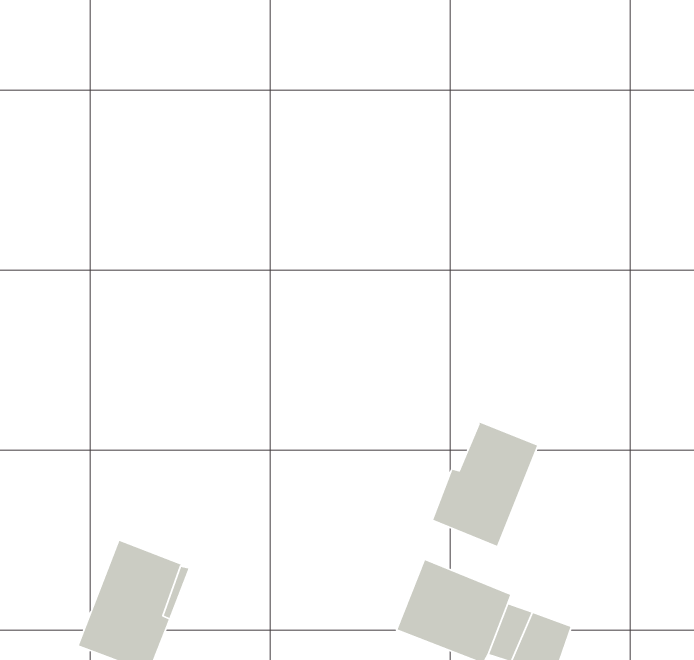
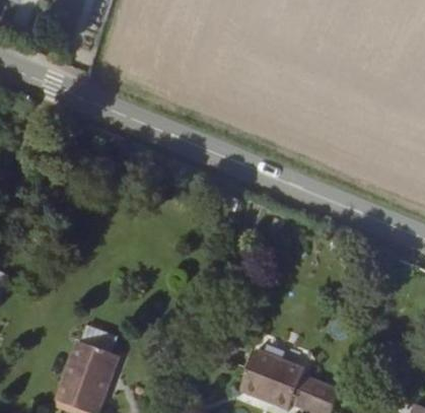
building: [432,422,538,547] -> none

